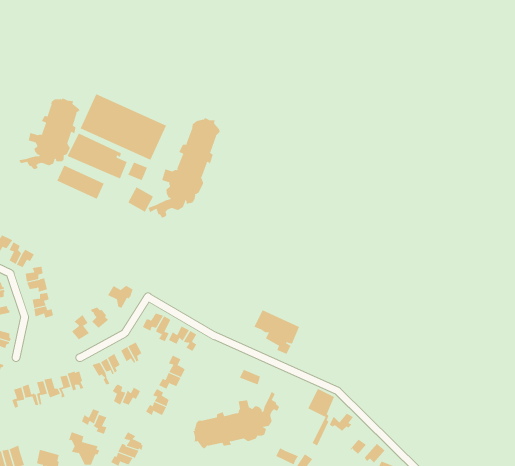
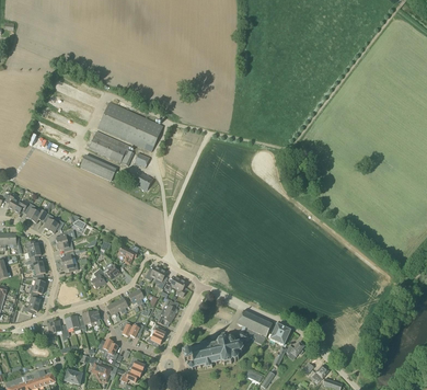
building: [18,97,80,170] -> none
building: [148,116,220,219] -> none
building: [253,310,300,354] -> [236,310,272,344]

